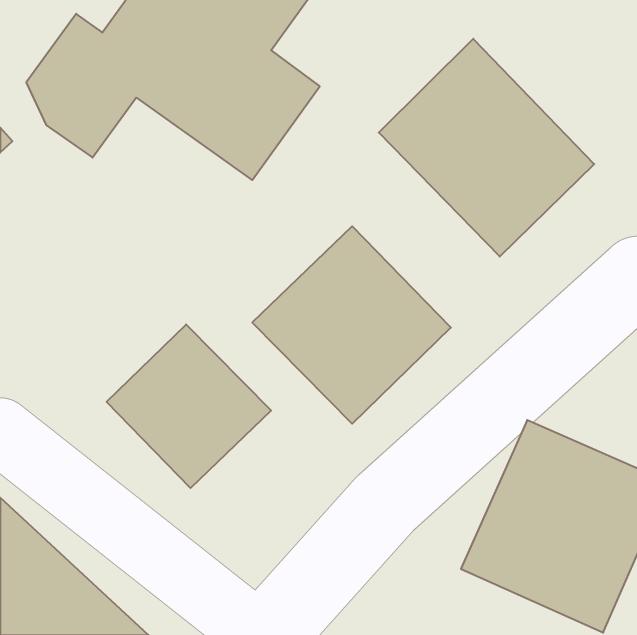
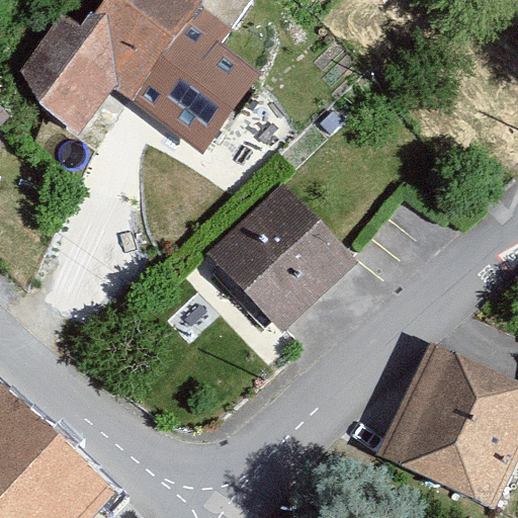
building: [379,39,594,257] -> none
building: [107,324,271,488] -> none

